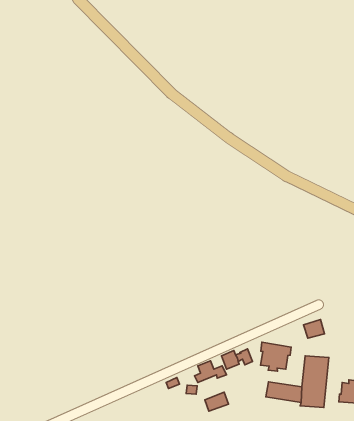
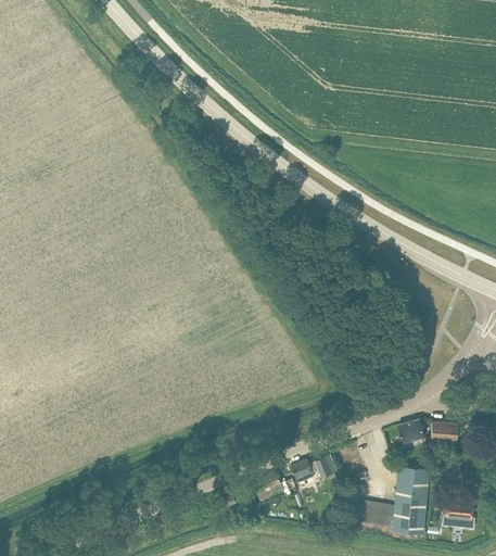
building: none -> [431,420,458,440]
building: [261,342,291,371] -> none
building: [205,392,229,411] -> none

